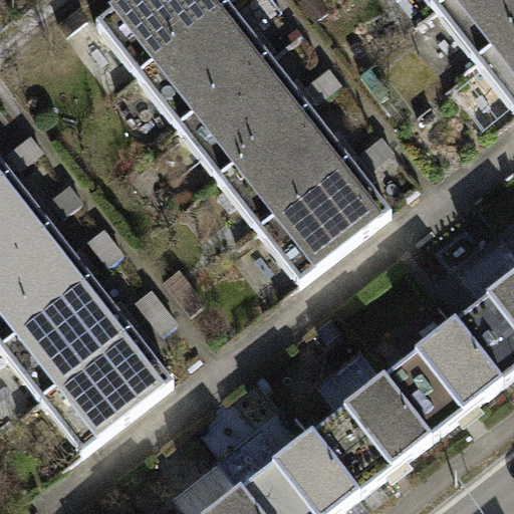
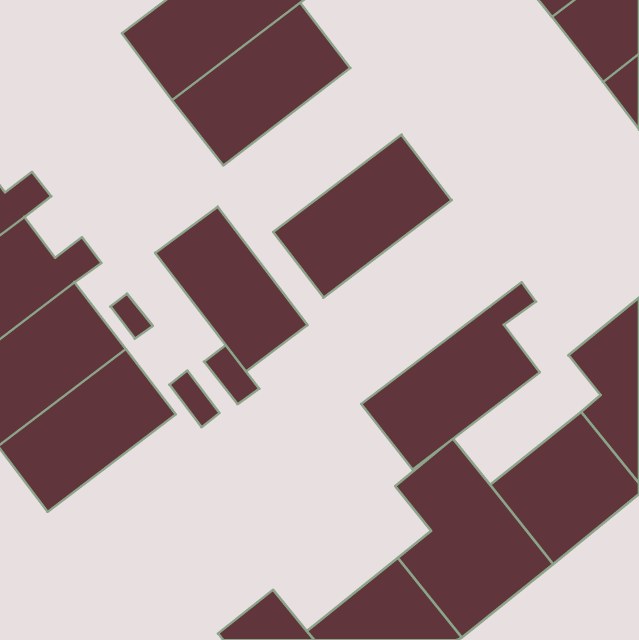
building: [175,53,339,182] -> none
building: [253,138,393,284] -> [361,282,540,470]
building: none -> [155,207,307,372]
building: [37,324,177,452] -> none

